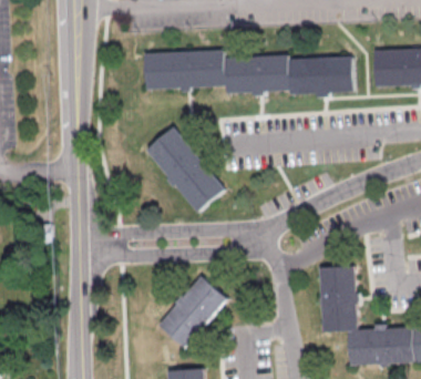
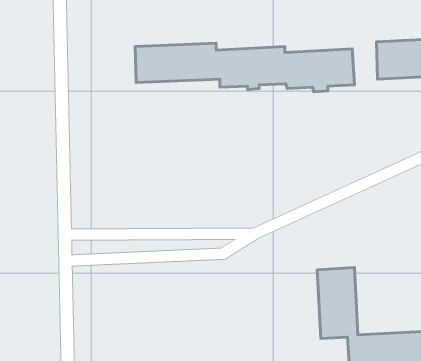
building: [145,127,224,213] -> none
building: [158,276,228,349] -> none

